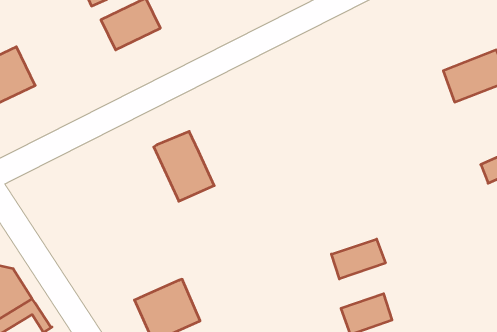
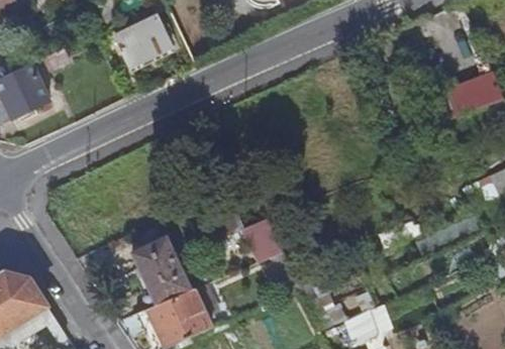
building: [154,131,214,201] -> [130,236,189,304]
building: none -> [245,214,285,258]
building: [331,239,385,279] -> none

